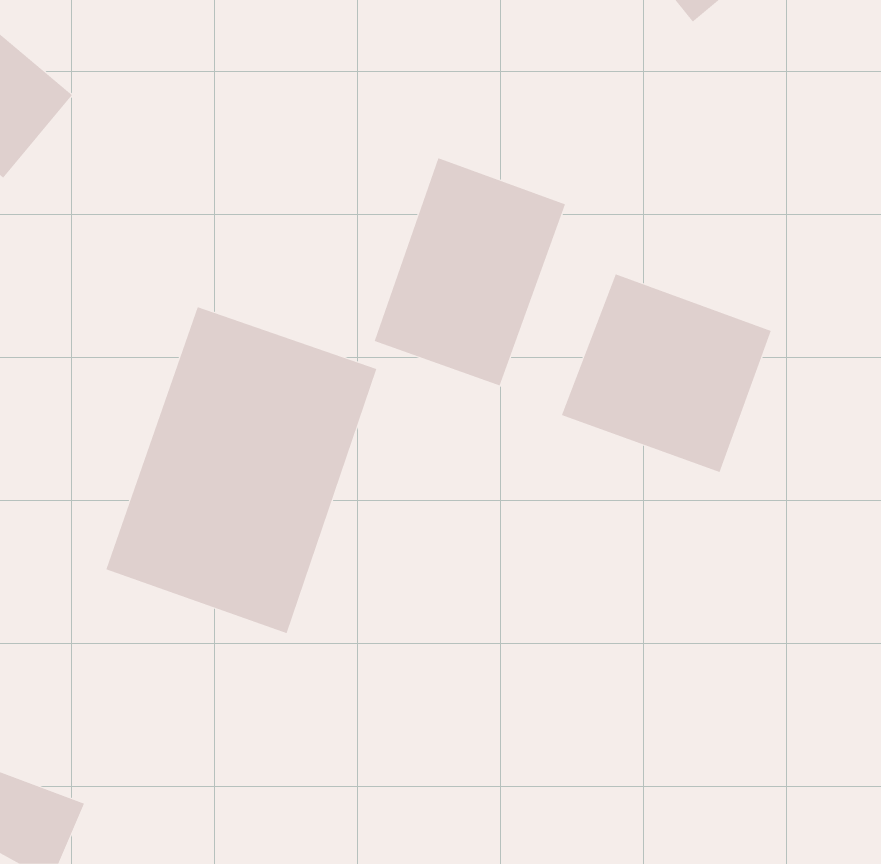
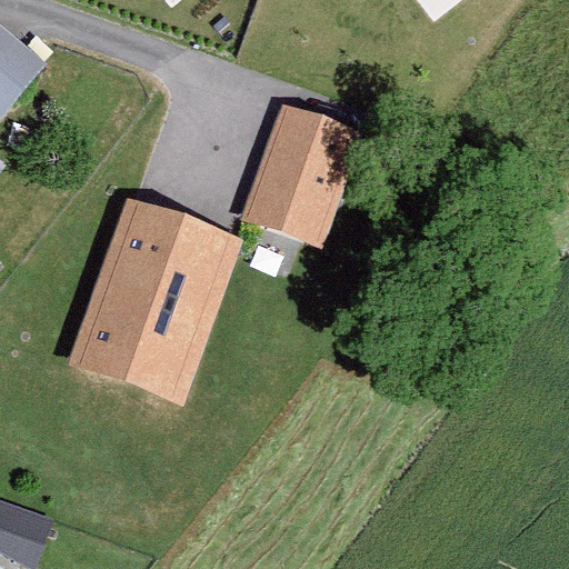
building: [561,273,771,473] -> none

